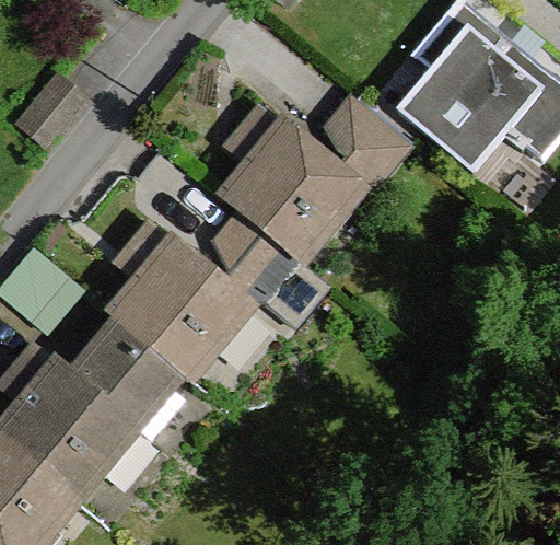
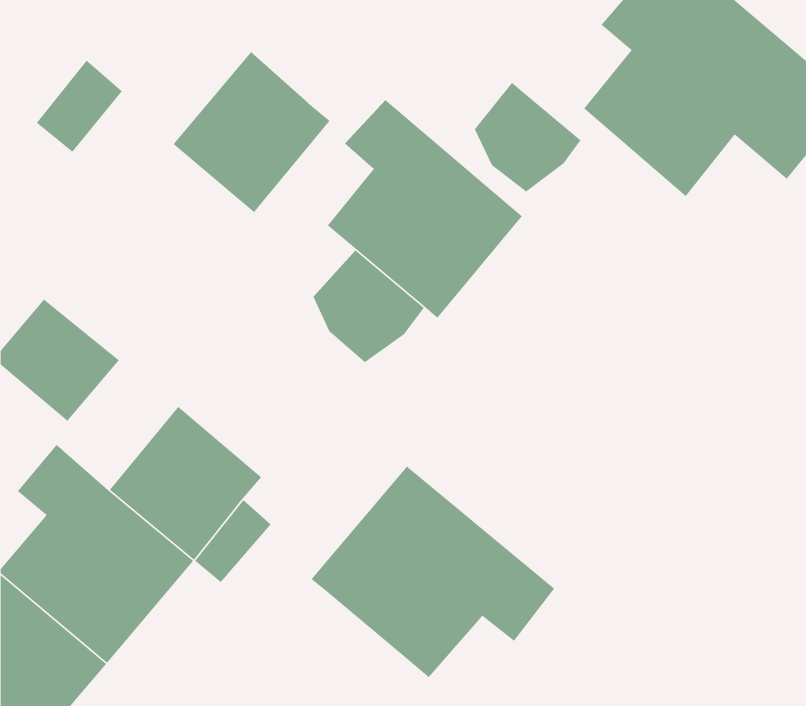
building: none -> [172,51,331,213]
building: [115,224,250,376] -> none
building: none -> [310,466,555,678]

